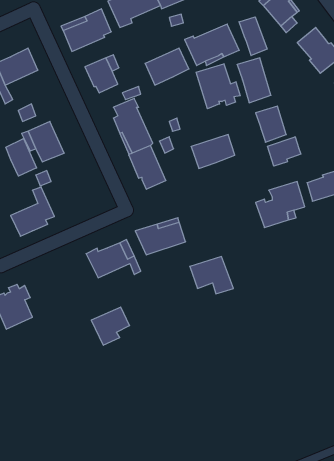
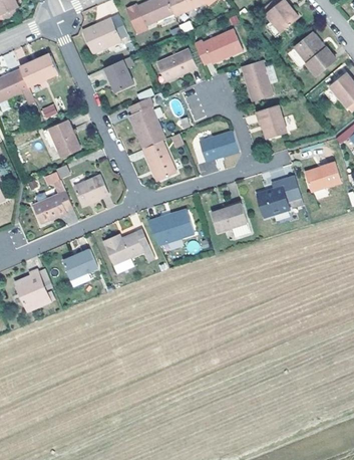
building: [239,17,267,56] -> none
building: [196,64,240,109] -> none
building: [268,137,301,166] -> none
building: [6,138,37,176] -> none
building: none -> [73,176,107,207]
building: [190,257,233,294] -> [211,203,251,237]
building: [91,307,130,345] -> [63,249,98,284]

